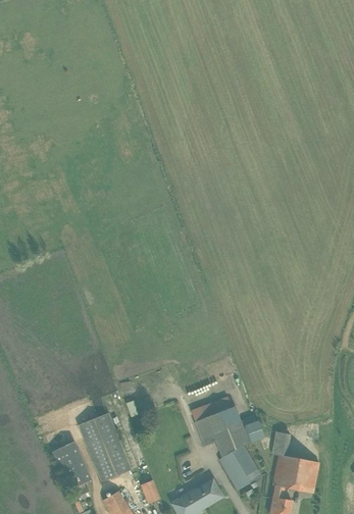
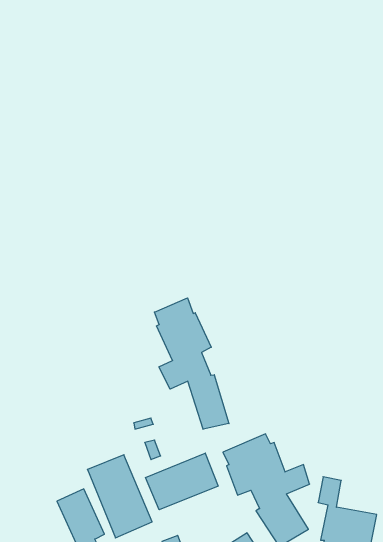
building: none -> [154,298,229,429]
building: none -> [146,453,218,510]

